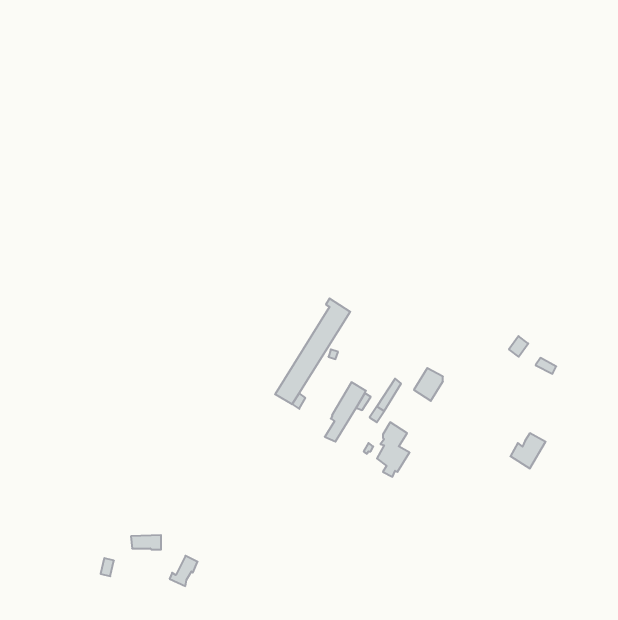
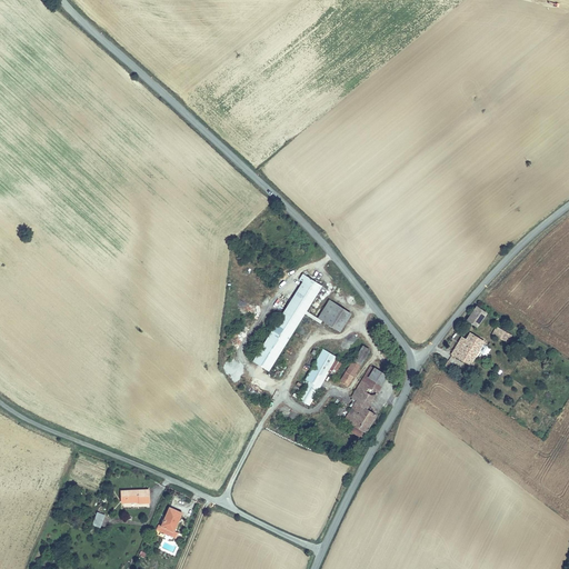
building: none -> [317,300,350,331]
building: [414,368,443,401] -> [358,367,385,397]
building: [510,433,546,468] -> [451,333,483,366]

